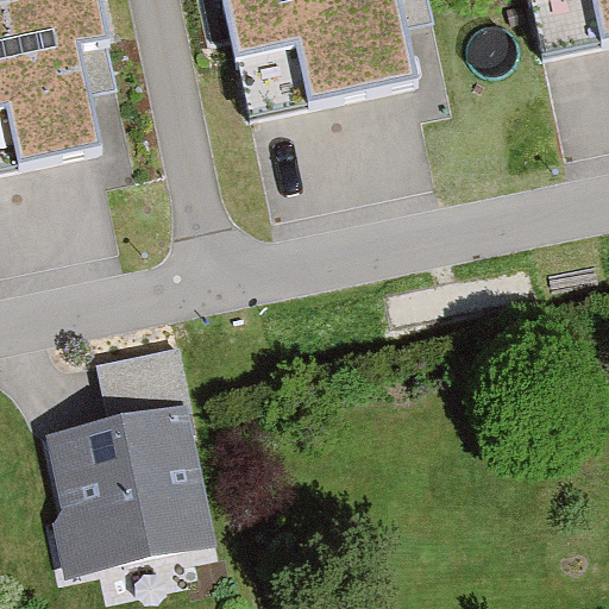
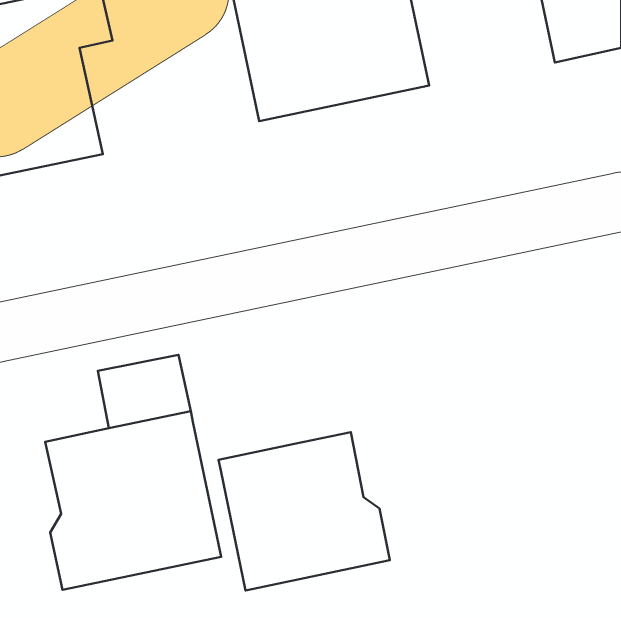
building: none -> [218,432,390,590]

